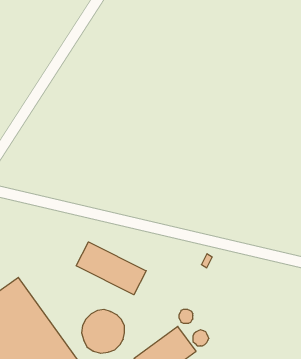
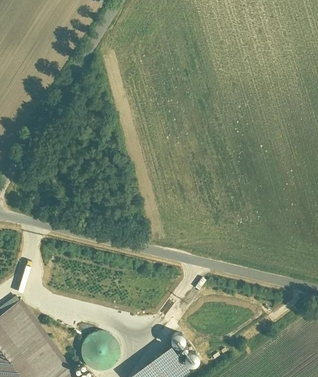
building: [76,242,146,295] -> none

